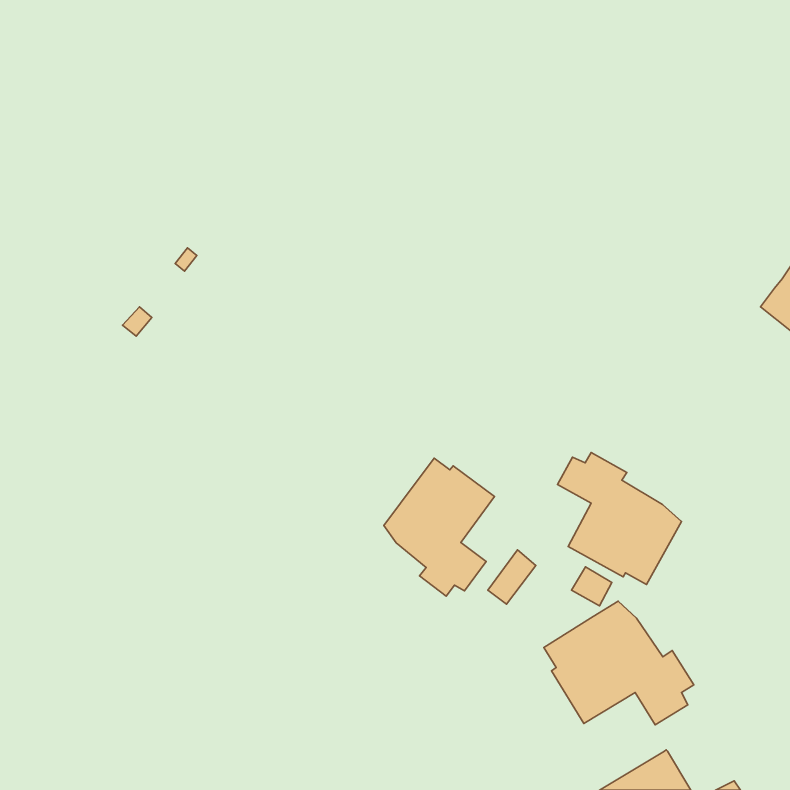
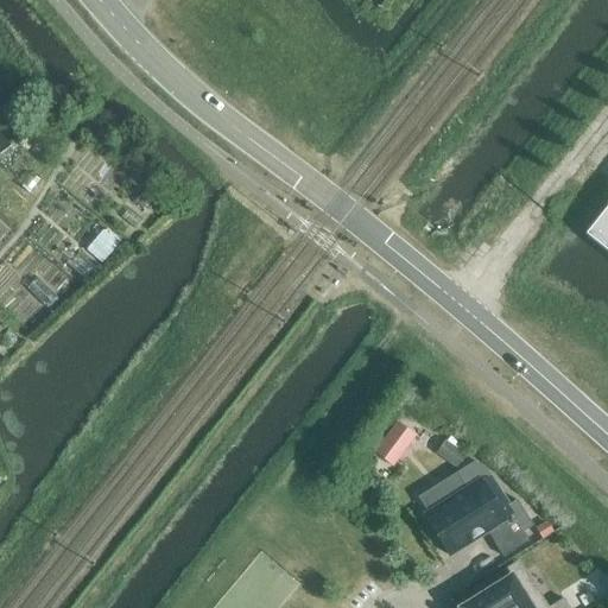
building: [557,452,681,584] -> none
building: [384,458,495,596] -> none

